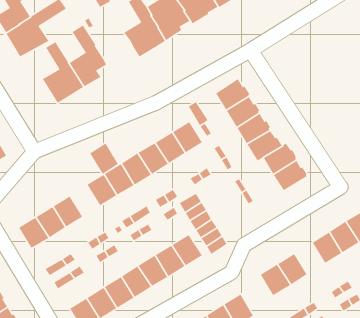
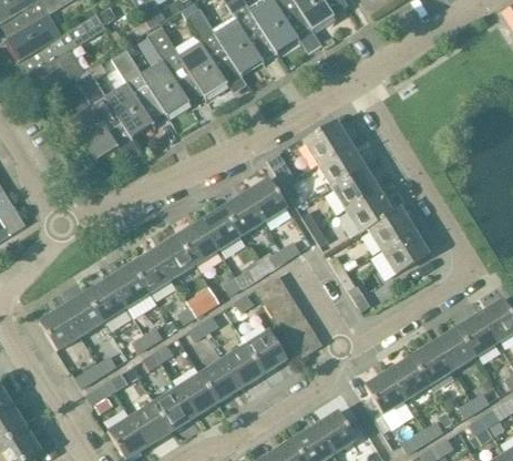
building: none -> [143,27,194,111]
building: [89,143,119,175] -> [109,264,148,307]
building: none -> [410,341,451,385]

